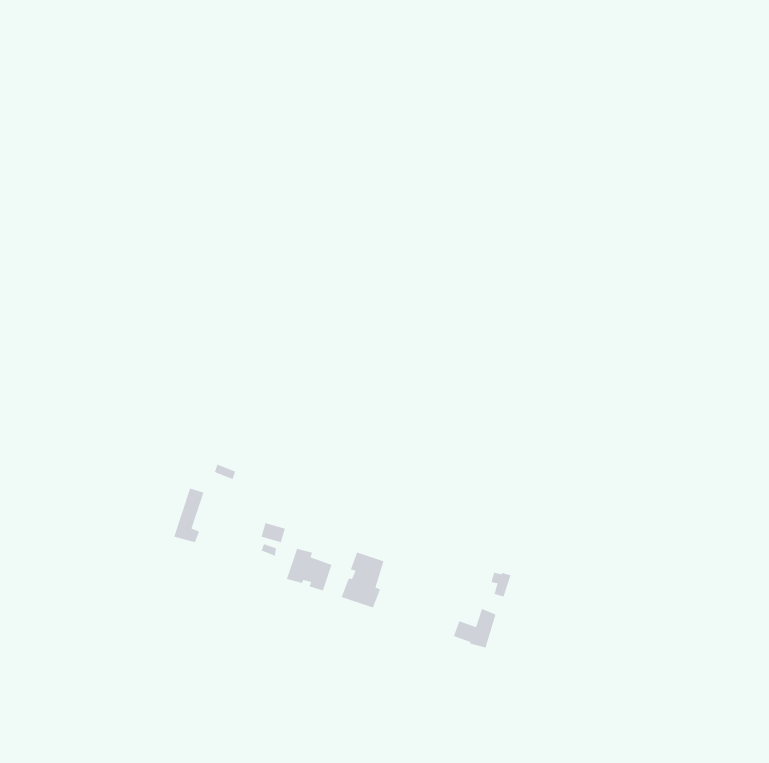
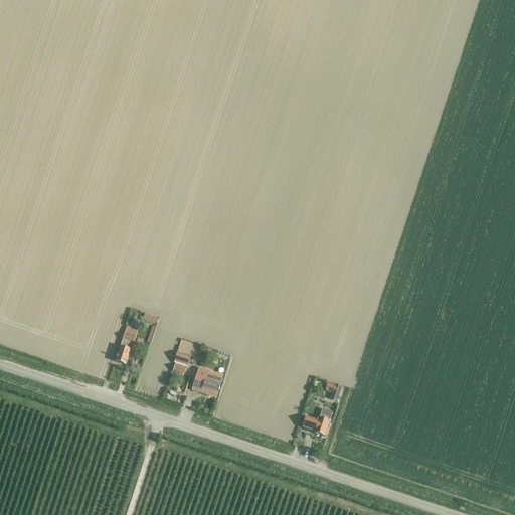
building: [341,551,385,608] -> none

